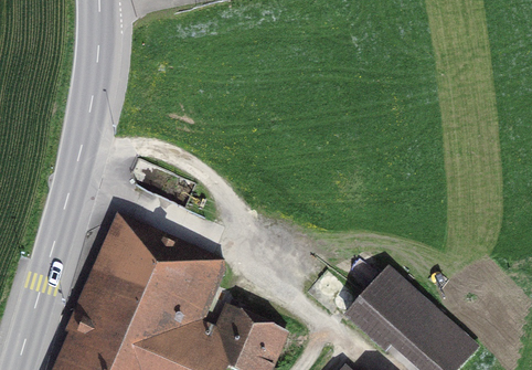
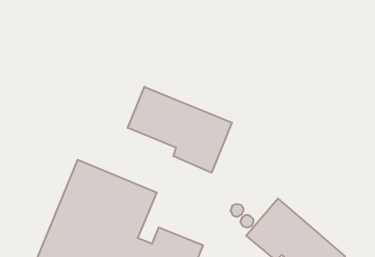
building: none -> [128,87,232,173]

